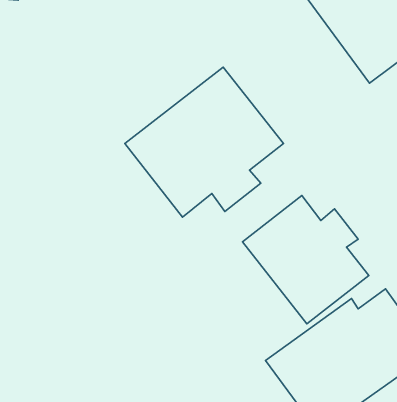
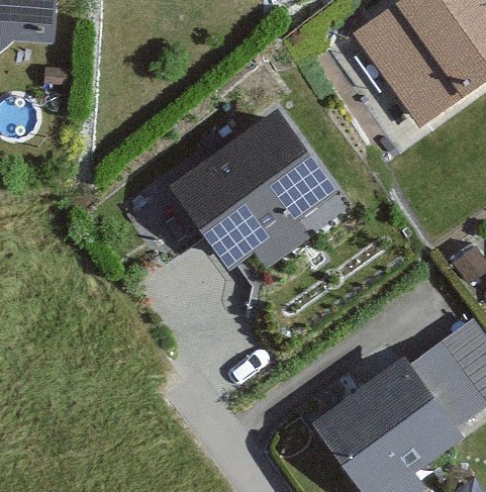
building: [242,195,369,324] -> none

